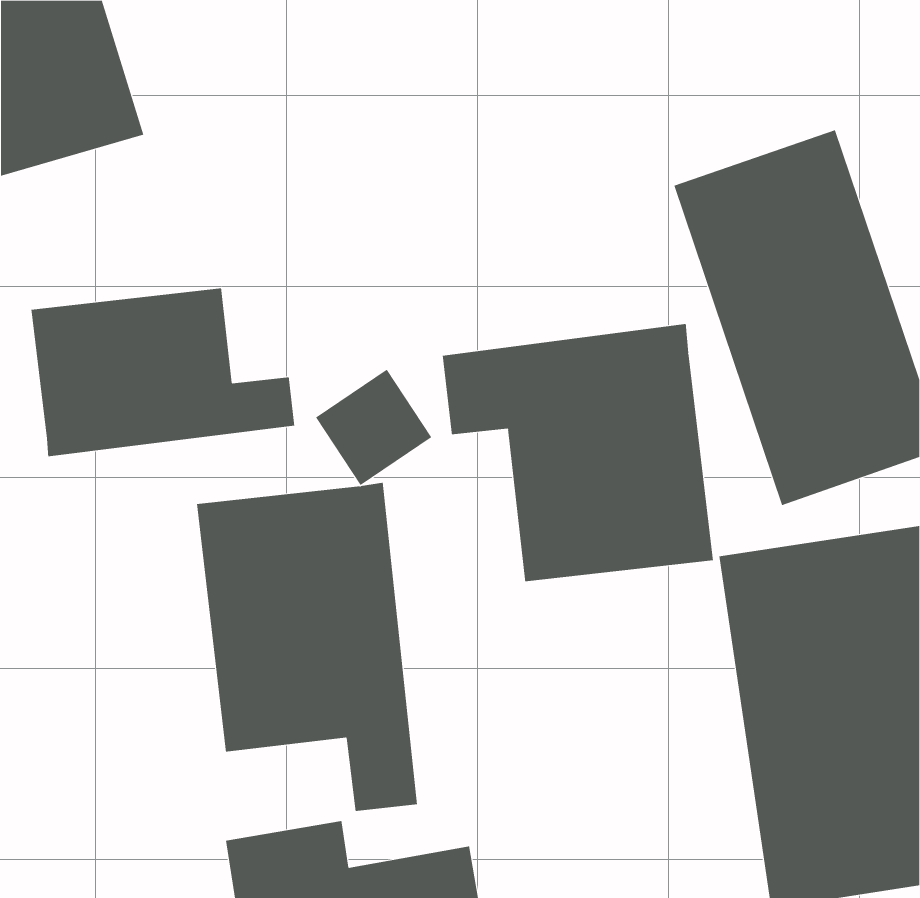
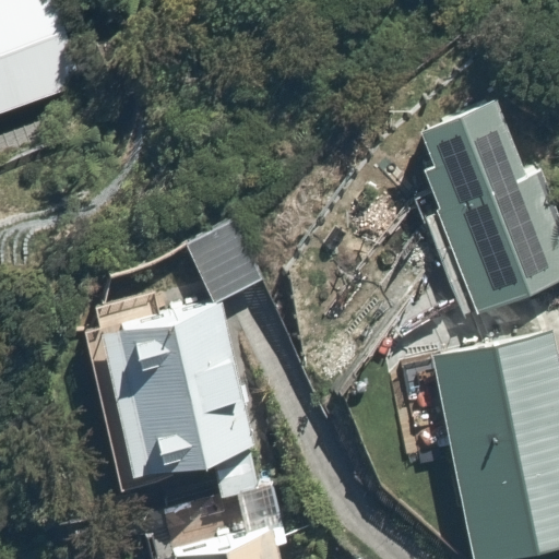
building: [31,287,295,457] -> none
building: [442,323,713,582] -> none

